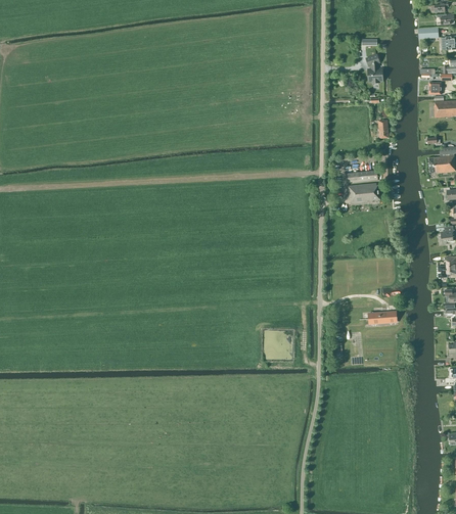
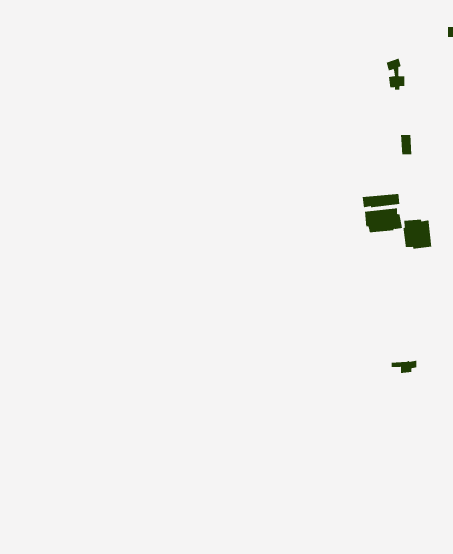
building: none -> [403,219,432,249]

